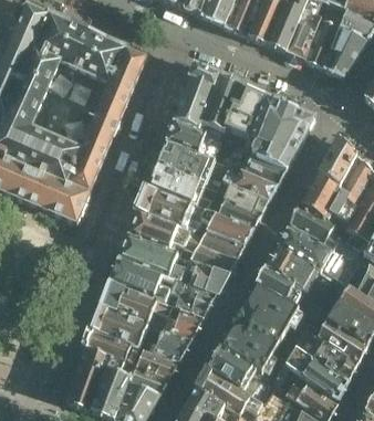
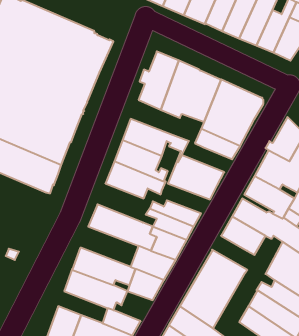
building: [166,118,220,157] -> none
building: [222,164,278,198] -> none
building: [200,208,253,243] -> none
building: [129,210,190,253] -> none
building: [112,257,175,302] -> none
building: [256,266,300,305] -> none
building: [86,328,141,364] -> none
building: [147,328,190,361] -> none

